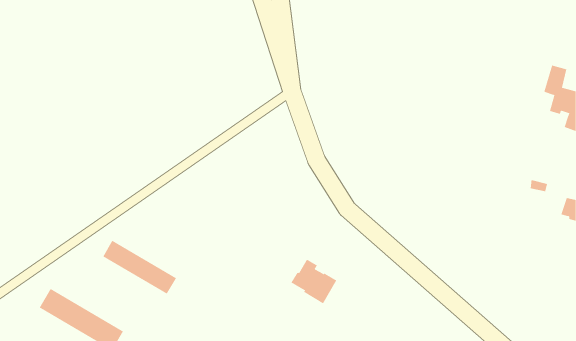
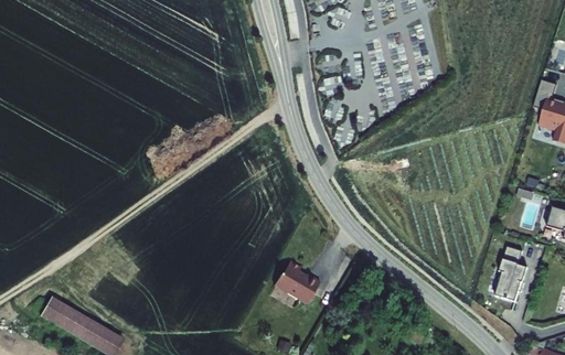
building: [102,240,177,295] -> none
building: none -> [495,249,525,304]

